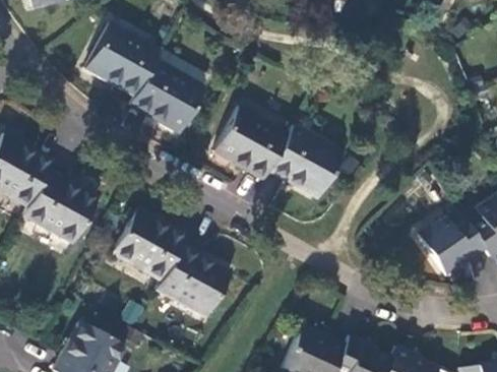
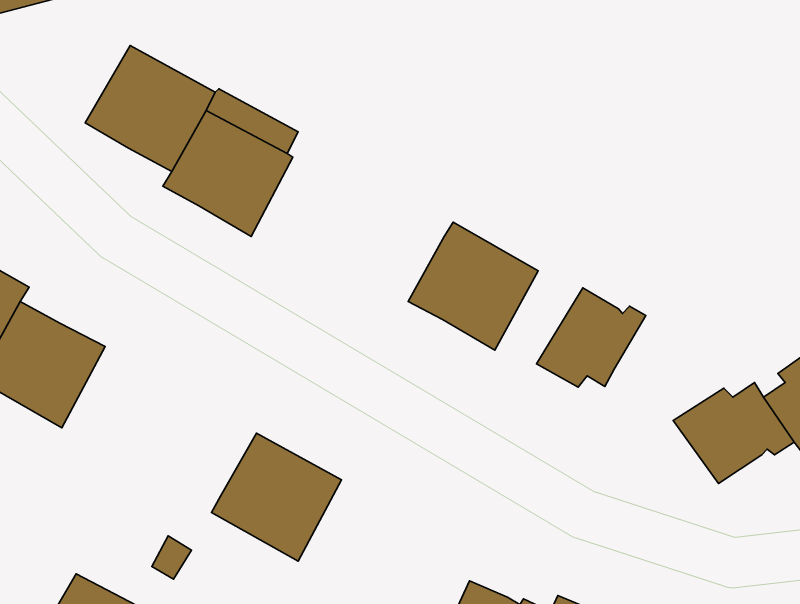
building: [213,108,288,179] -> none
building: none -> [537,288,646,387]
building: [111,209,186,281] -> none

